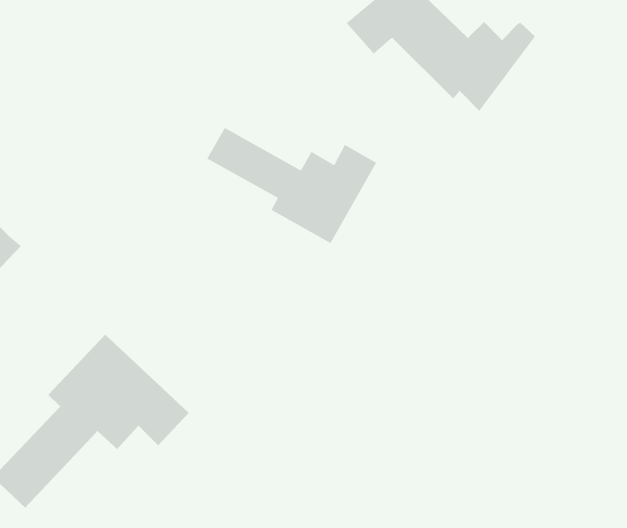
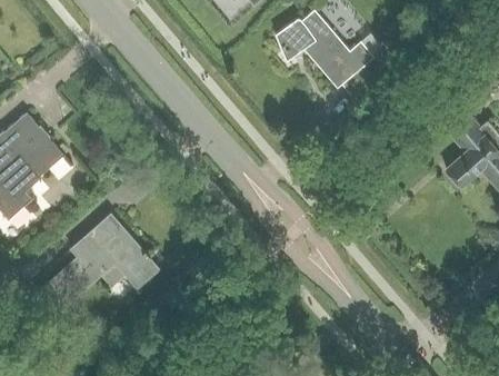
building: [206,127,377,244] -> none

